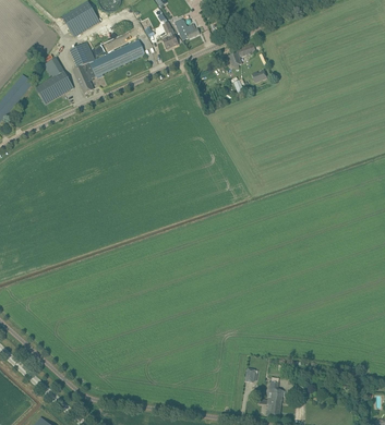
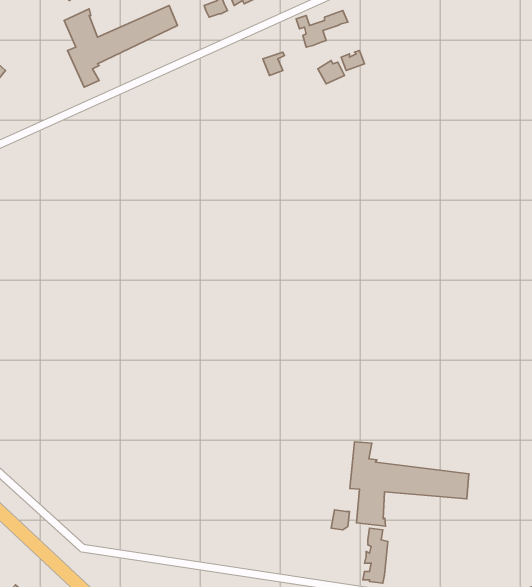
building: [36,71,74,104] -> none
building: none -> [350,442,469,526]

